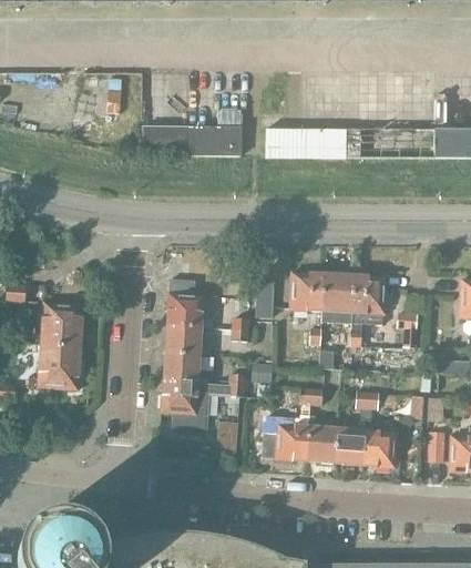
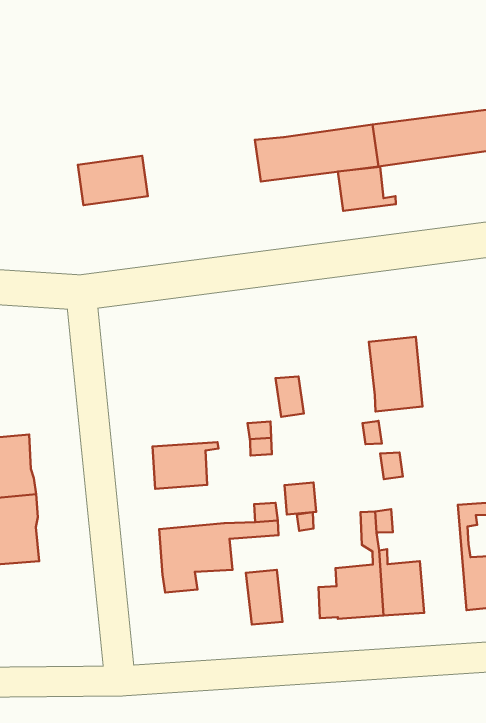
building: [187,109,240,155] -> none
building: none -> [338,167,396,211]
building: [290,273,322,311] -> none
building: [350,275,385,345] -> none
building: [166,278,212,327] -> none
building: [163,353,207,383] -> none
building: [334,393,367,465] -> none

